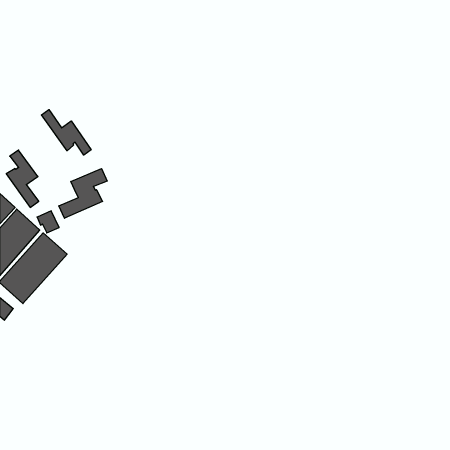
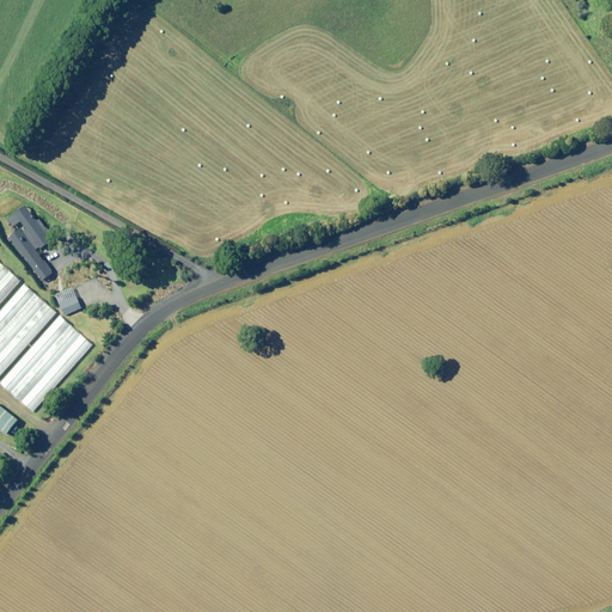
building: [41,110,91,155] -> none
building: [59,169,107,218] -> none

